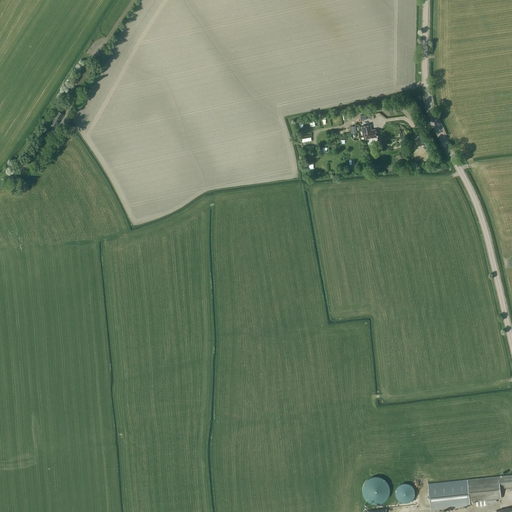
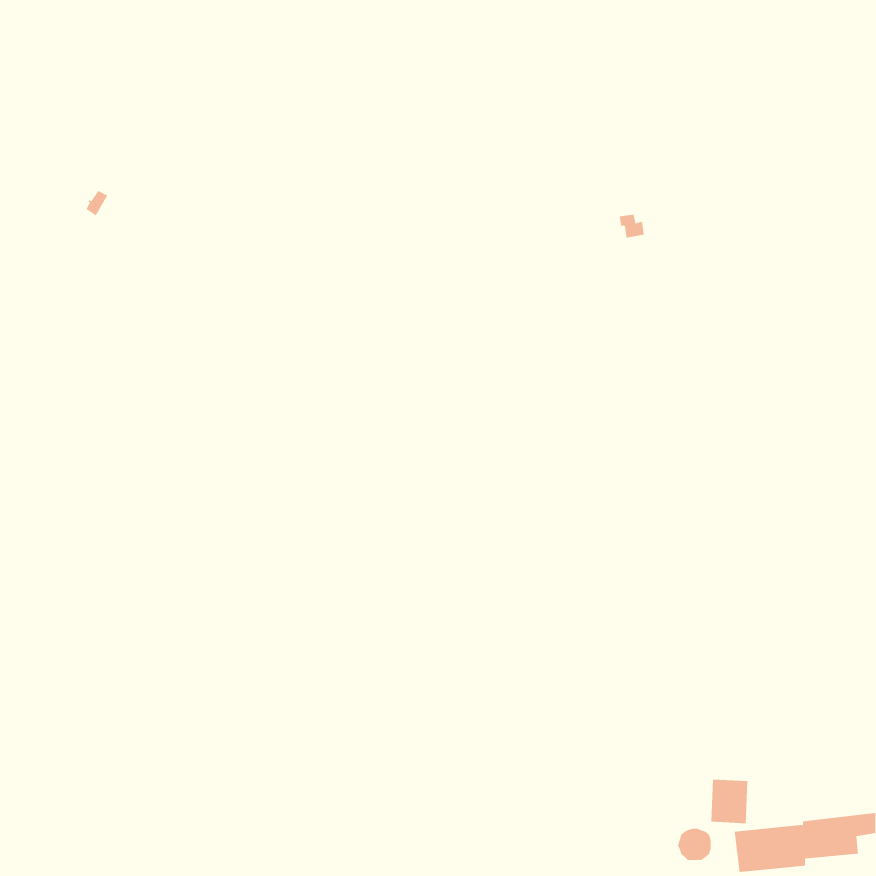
building: [364,477,386,503] -> [710,779,748,824]

